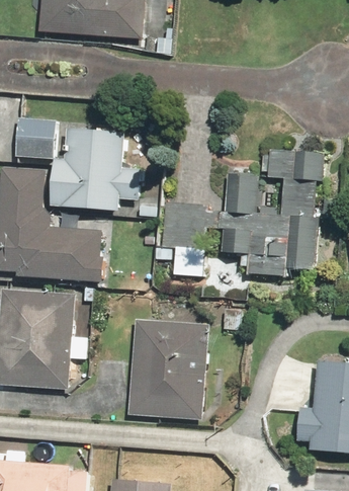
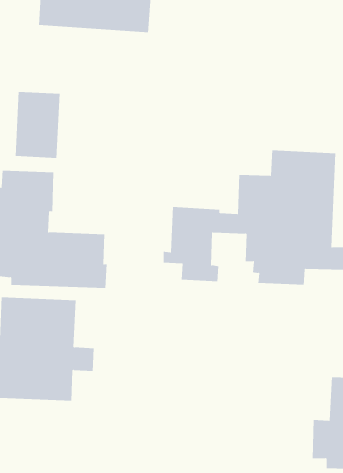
building: [51,126,121,211] -> none
building: [128,321,209,420] -> none

